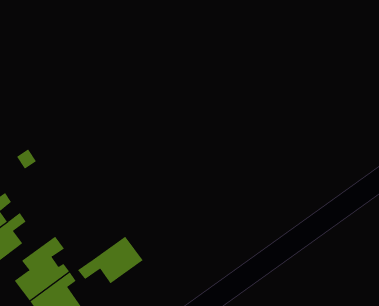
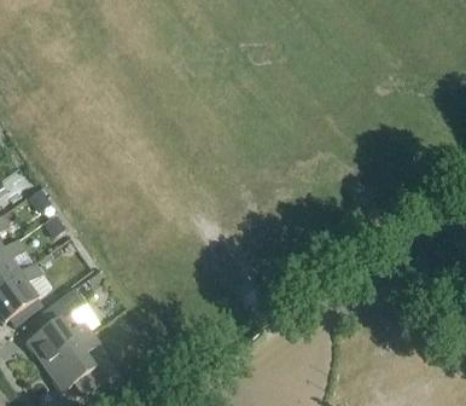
building: [77,236,143,284] -> none

